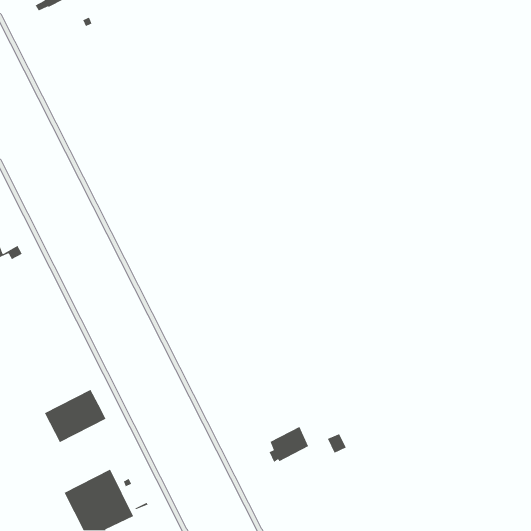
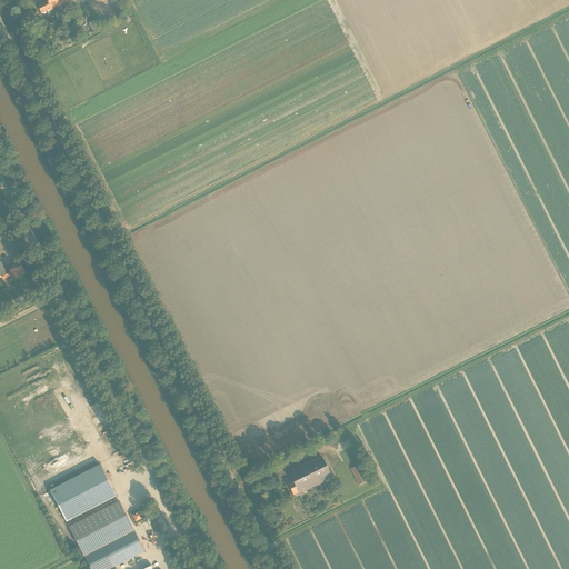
building: [44,389,106,443] -> [49,463,116,521]

